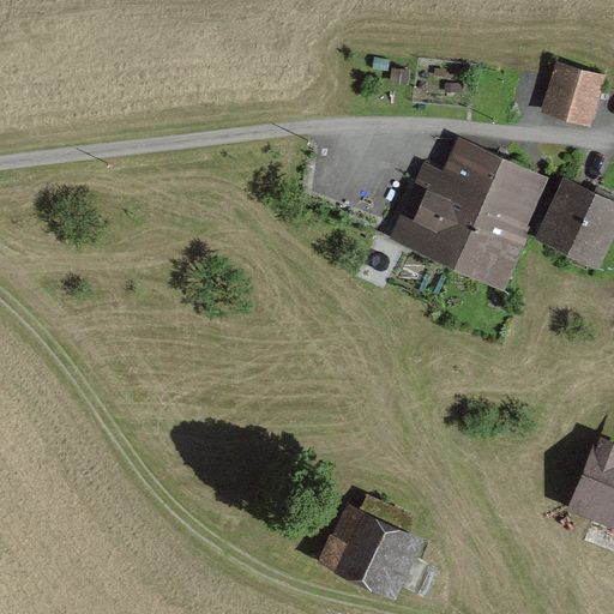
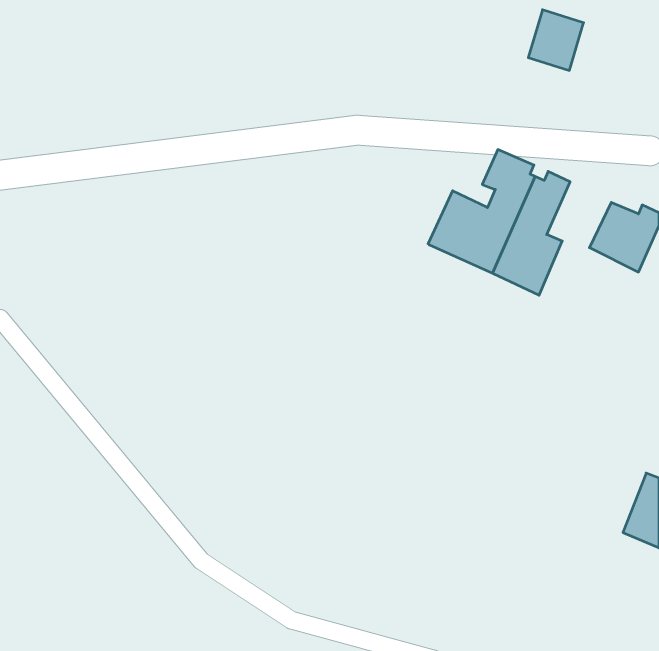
building: [548,70,600,126] -> [528,10,584,70]
building: [325,502,411,591] -> none

